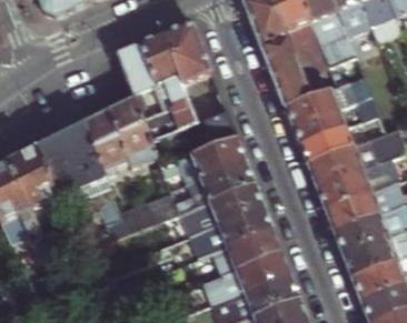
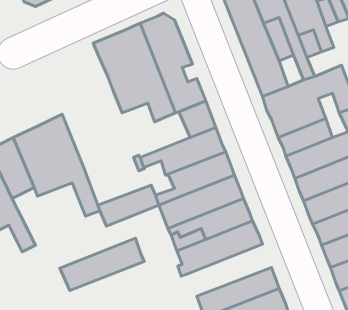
building: [82,101,157,180] -> none
building: [207,254,291,306] -> [60,238,144,290]

